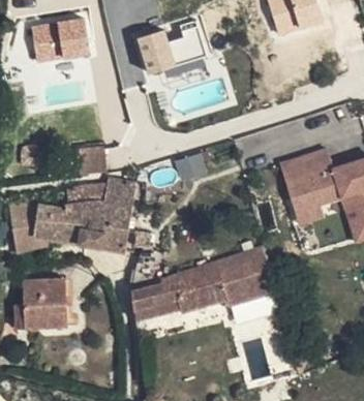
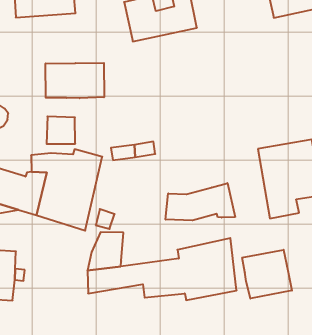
building: none -> [46,63,104,98]
building: none -> [166,183,235,220]
building: none -> [242,250,292,299]

